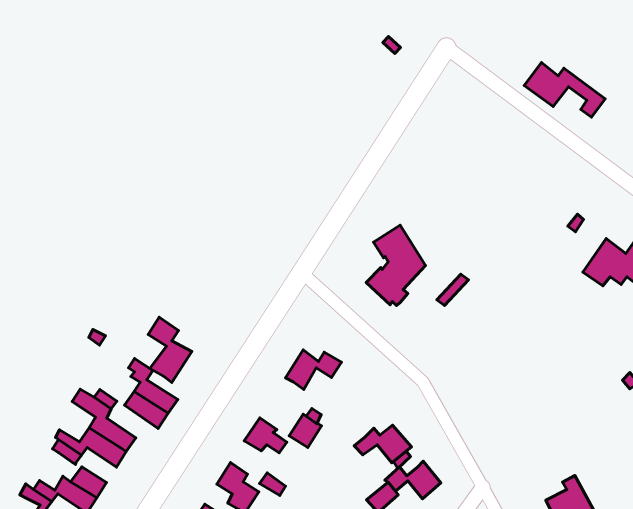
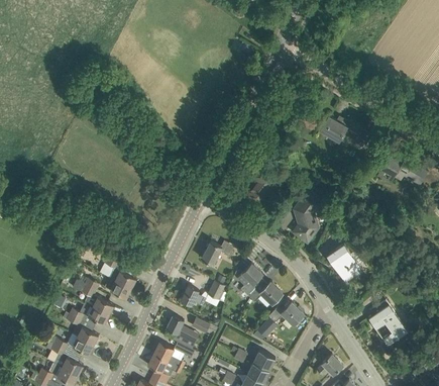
building: [524,62,605,117] -> [319,115,369,146]
building: none -> [294,191,321,242]
building: [148,317,192,383] -> none
building: none -> [326,244,359,282]
building: none -> [236,263,262,296]

